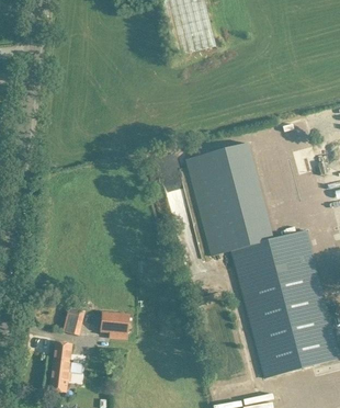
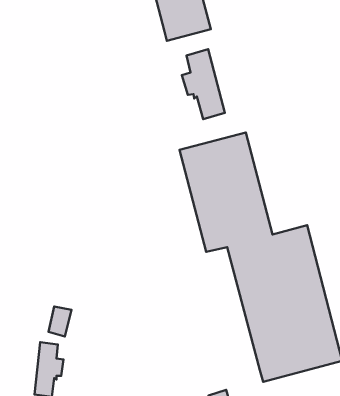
building: none -> [182,49,225,119]
building: [100,311,129,340] -> none

